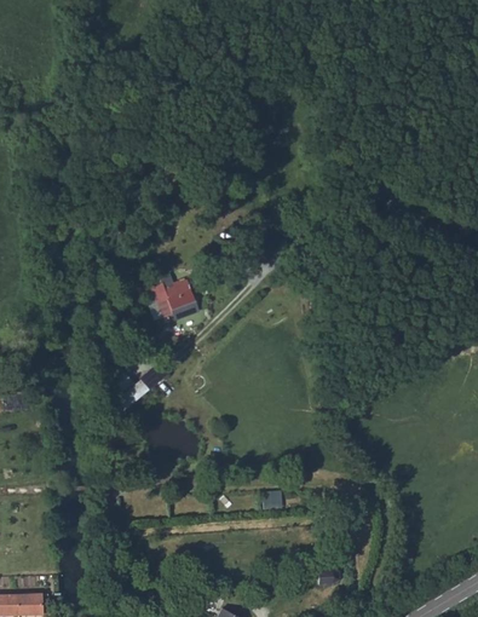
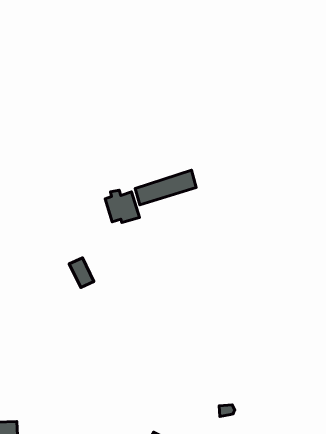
building: none -> [135,170,196,205]

